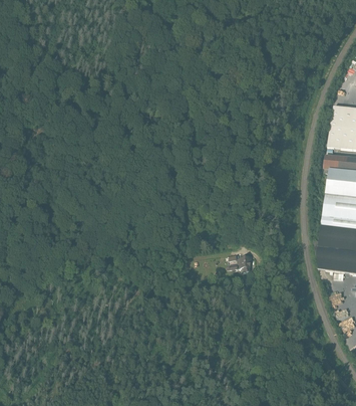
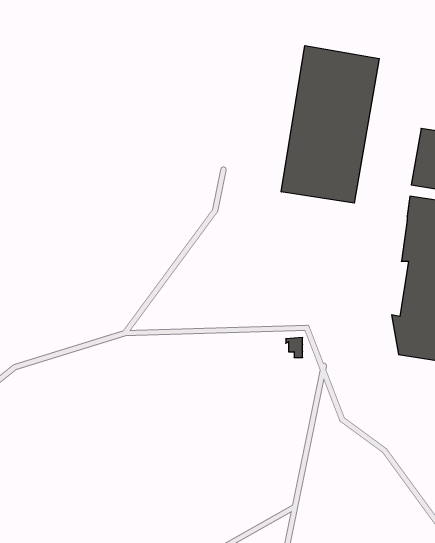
building: none -> [281,46,379,203]

